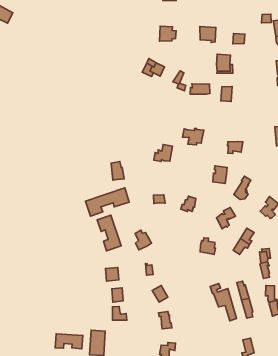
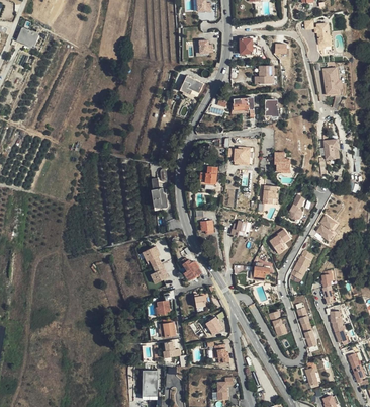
building: [85,188,129,216] -> none
building: [55,334,83,349] -> none

